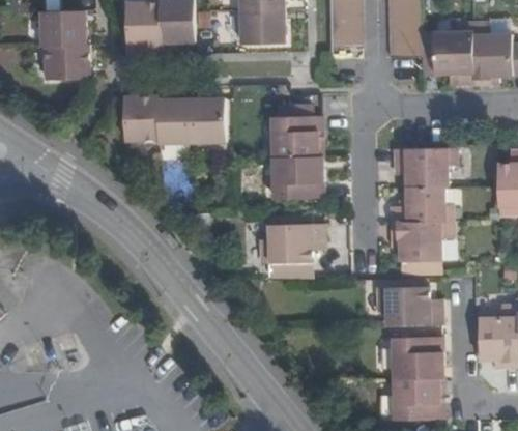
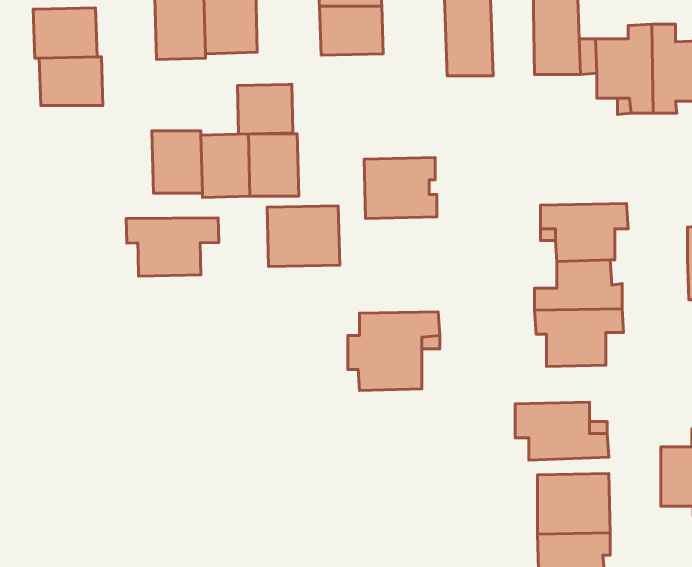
building: none -> [238,84,293,134]
building: [272,156,323,199] -> [267,206,340,267]
building: none -> [126,218,219,276]

